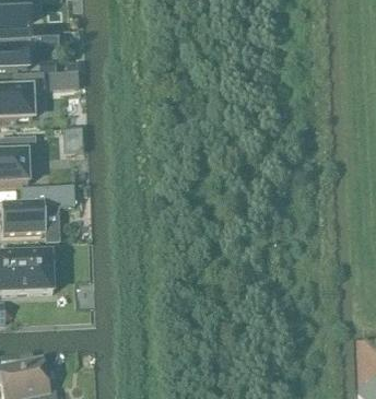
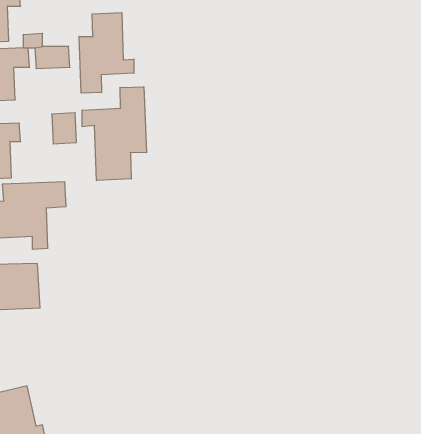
building: none -> [79,13,134,93]
building: none -> [82,87,147,181]

